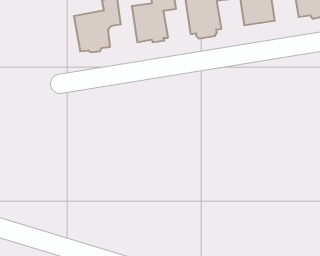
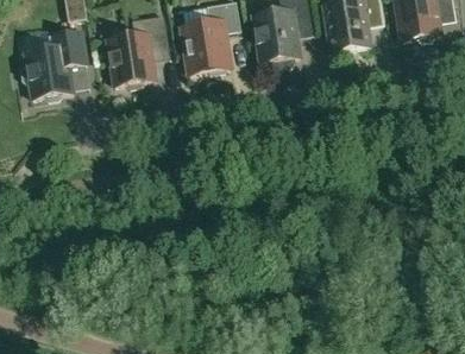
building: none -> [19,29,84,99]

